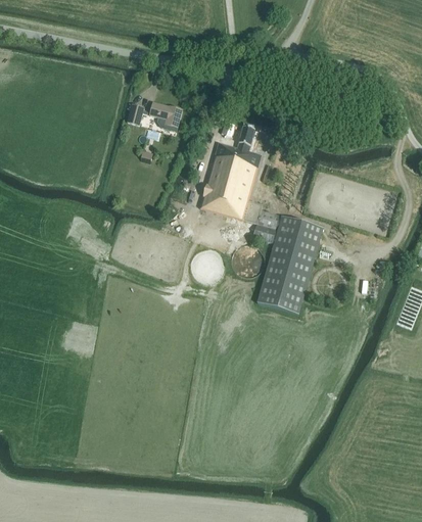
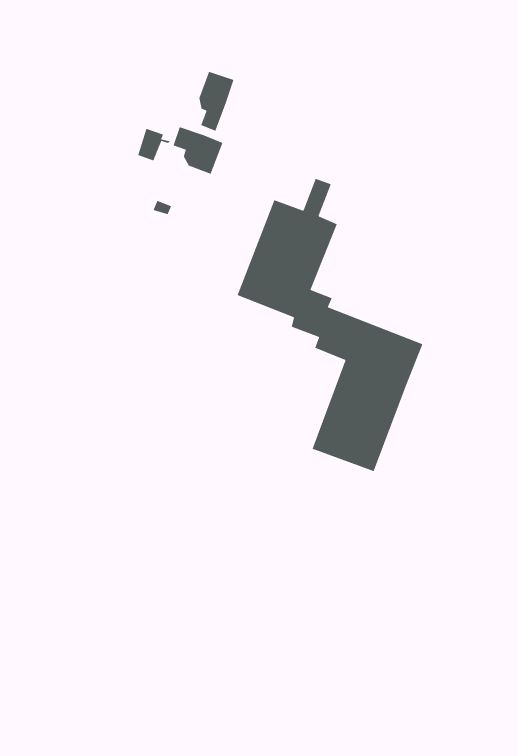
building: none -> [199,71,234,132]

